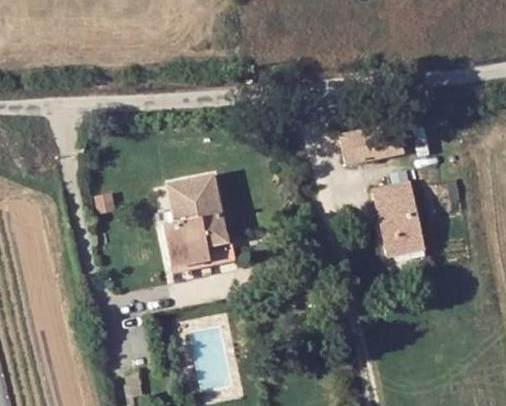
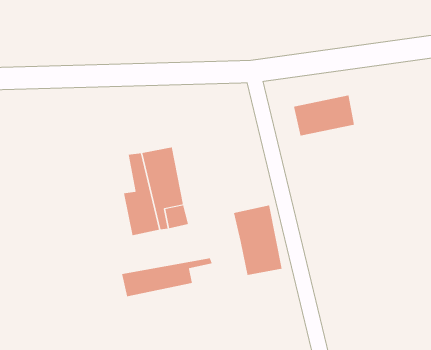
building: [373,183,424,256] -> [233,205,282,275]
building: none -> [121,257,213,297]

